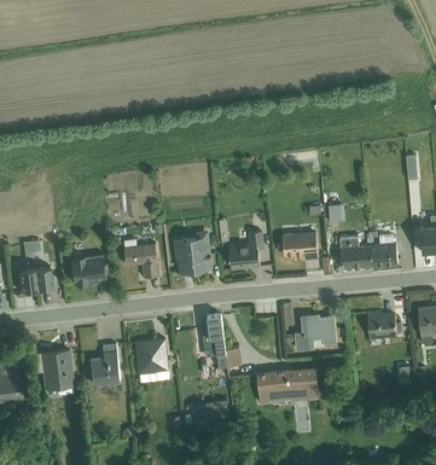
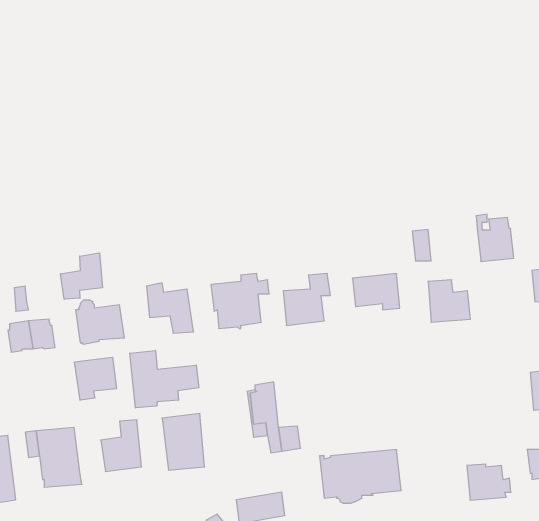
building: none -> [61,253,102,299]
building: [368,231,397,267] -> [476,214,514,261]
building: none -> [130,350,199,408]
building: none -> [75,357,117,400]
building: [367,310,401,338] -> [467,464,511,500]
building: [295,313,336,349] -> none

